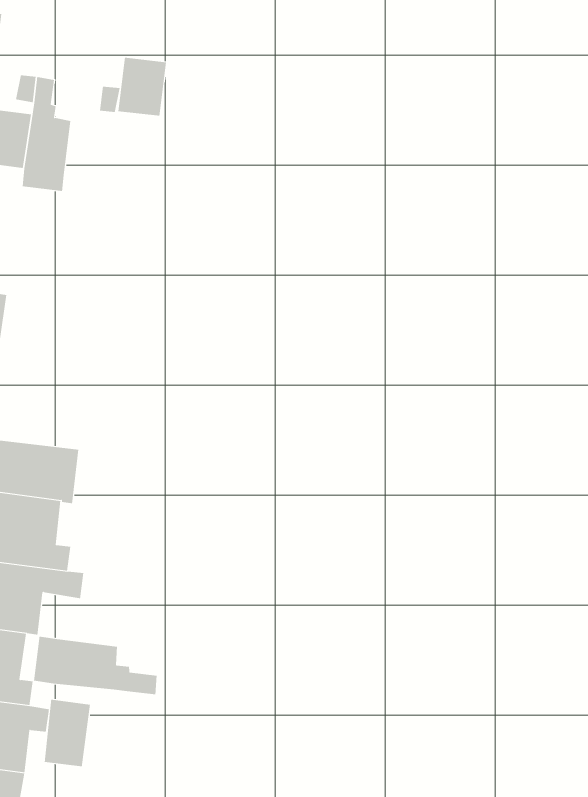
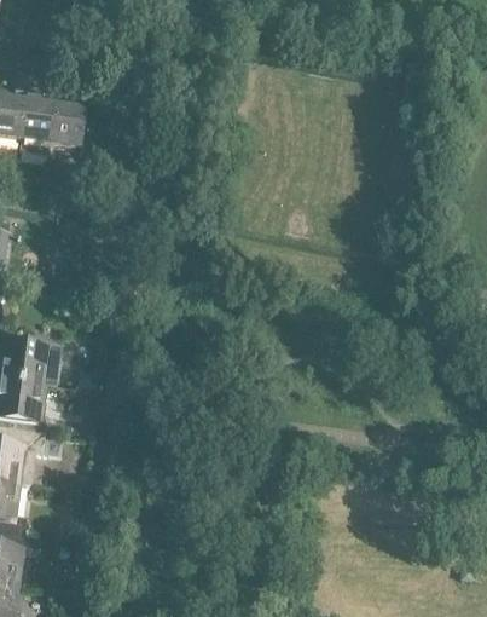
building: [118,57,167,116] -> [51,105,87,149]
building: [33,636,157,695] -> none
building: [44,699,90,767] -> none

